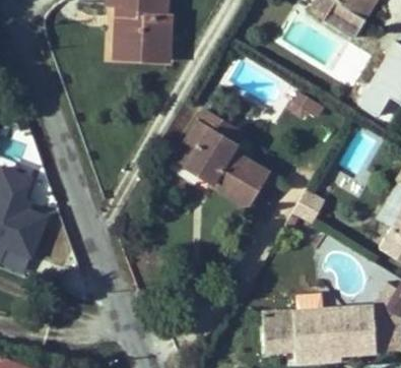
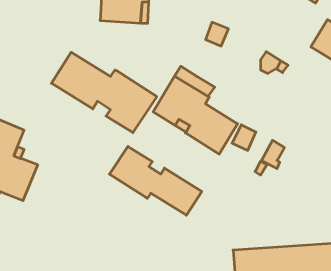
building: none -> [51,52,157,133]
building: none -> [109,146,202,215]

